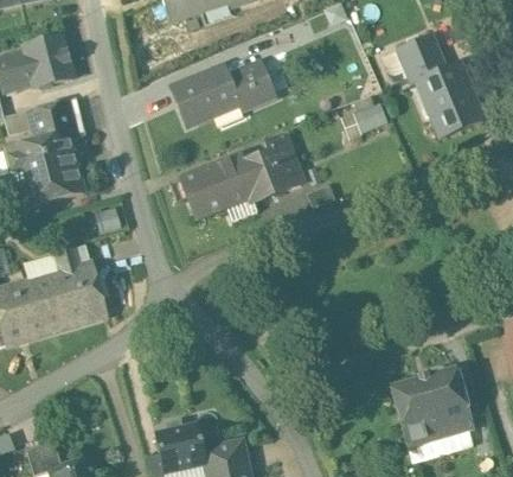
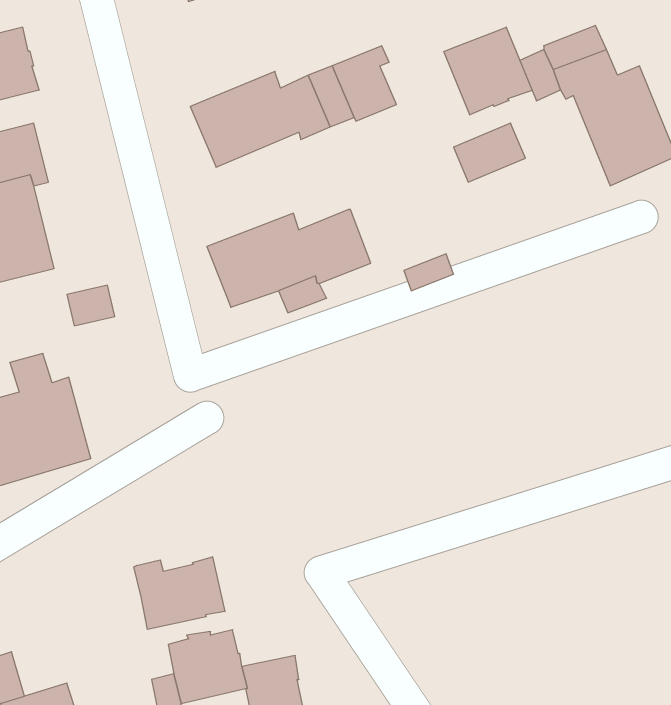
building: none -> [444,27,532,115]
building: [268,135,303,189] -> none
building: [392,368,473,445] -> none
building: none -> [134,557,225,629]

